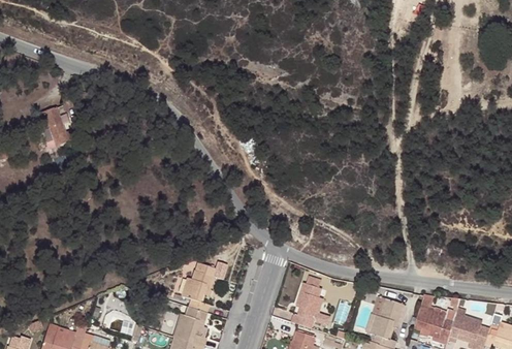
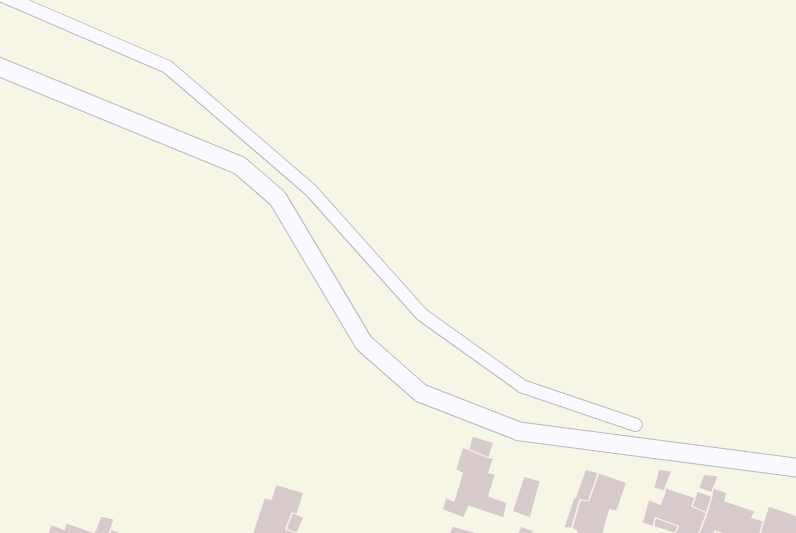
building: [40,109,70,149] -> none
building: [182,260,223,311] -> none

